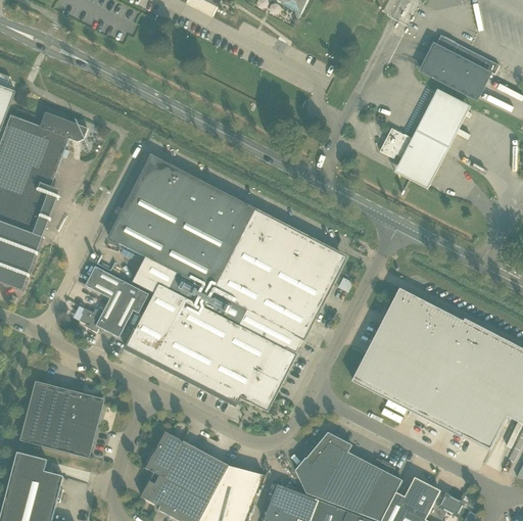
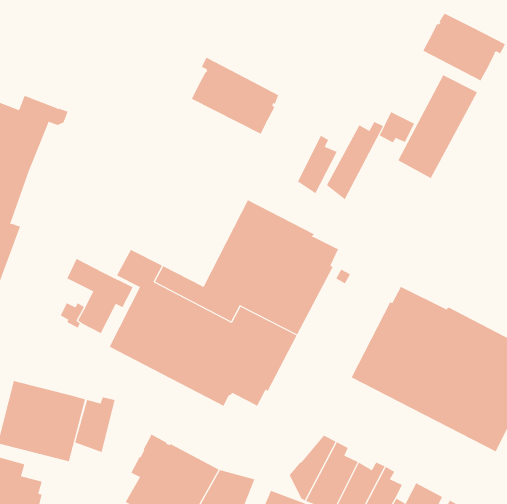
building: none -> [191,57,279,135]
building: none -> [326,121,384,200]
building: none -> [297,135,338,194]
building: [108,159,255,292] -> none
building: none -> [75,396,115,453]

